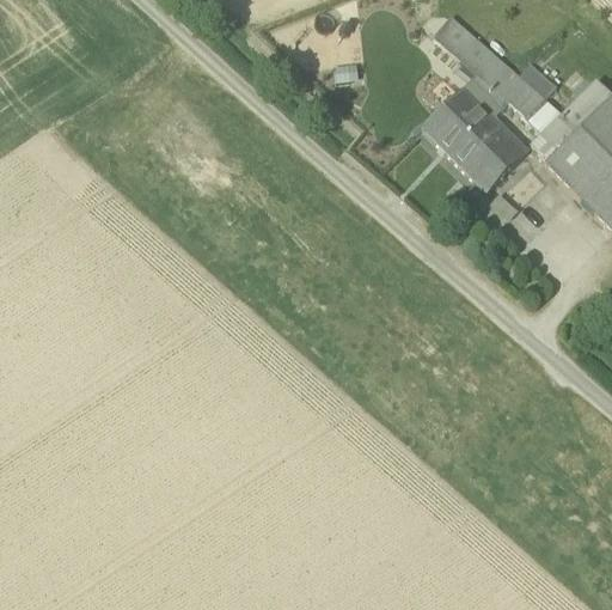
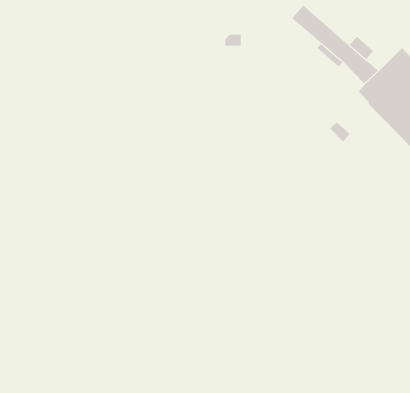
building: [422,86,527,191] -> none

